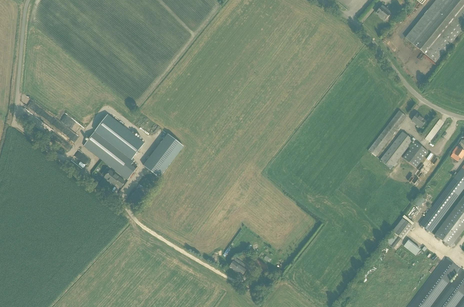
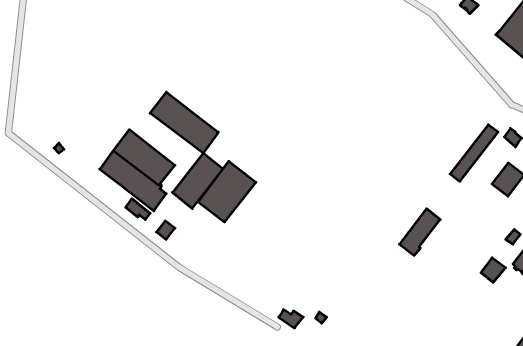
building: none -> [150,92,218,153]
building: [380,130,413,168] -> [399,209,440,255]
building: none -> [198,161,256,222]

